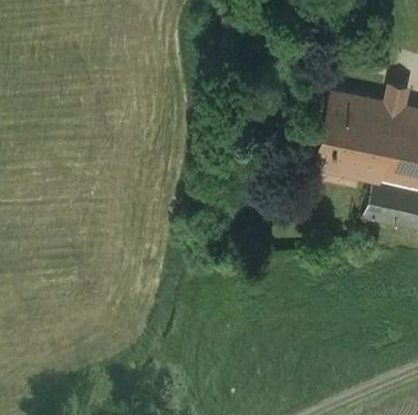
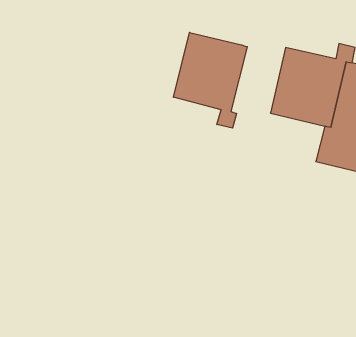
building: none -> [173,32,247,128]

